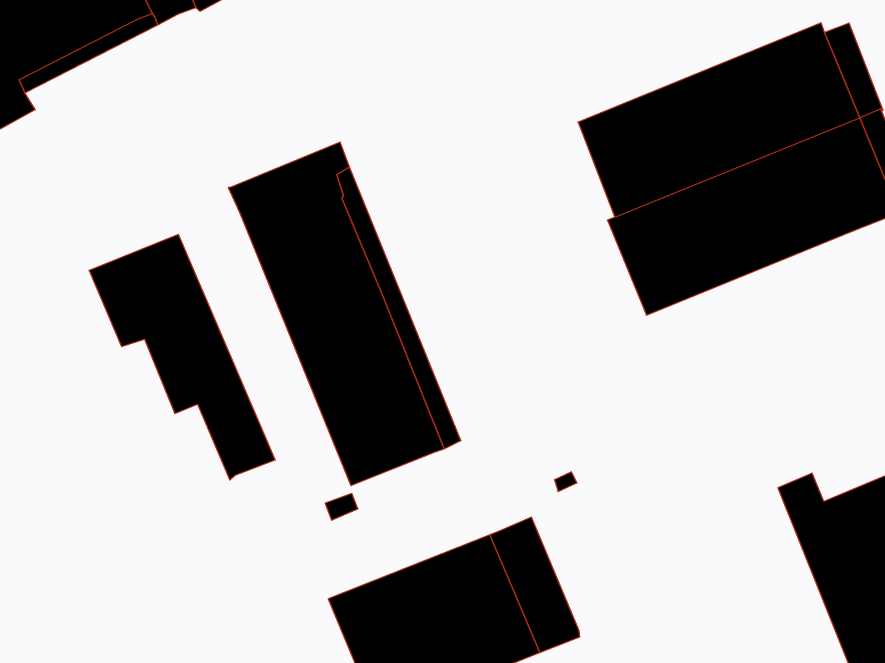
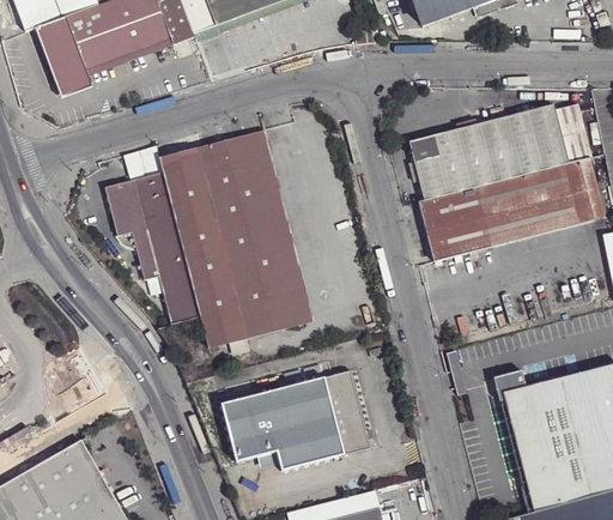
building: none -> [160,150,244,347]

